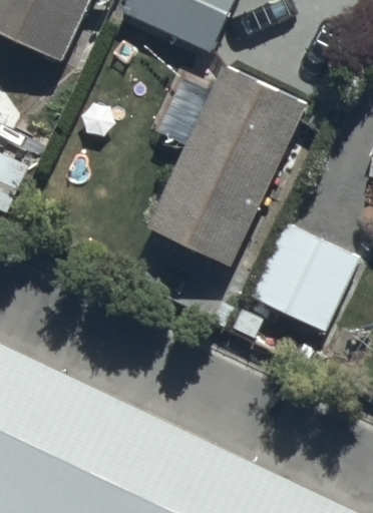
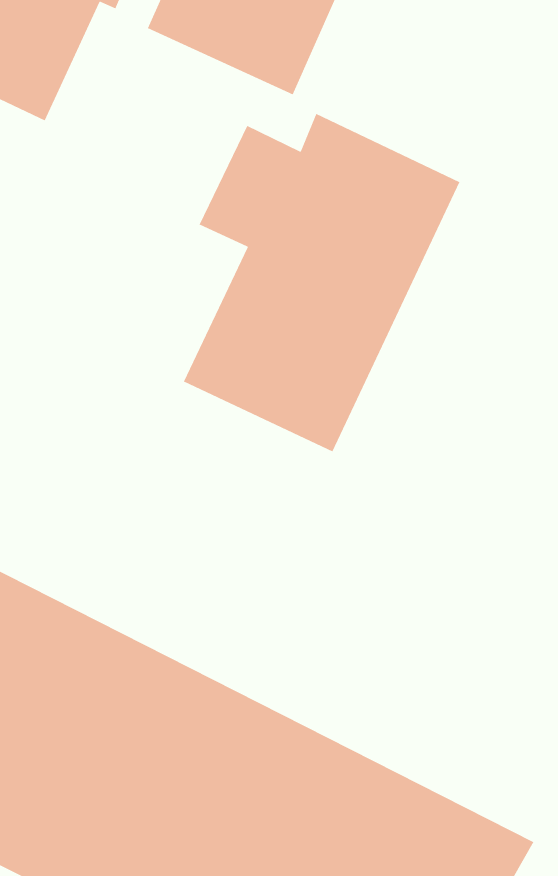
building: [246,224,358,337] -> none

